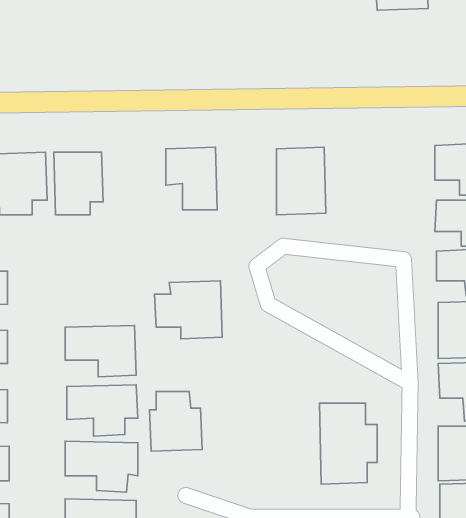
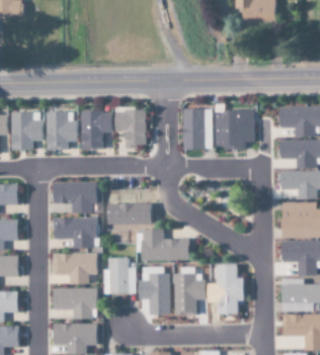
building: none -> [80,110,111,150]
building: none -> [215,110,253,149]
building: none -> [53,182,96,213]
building: none -> [141,232,189,261]
building: none -> [139,269,170,315]
building: none -> [174,273,205,316]

